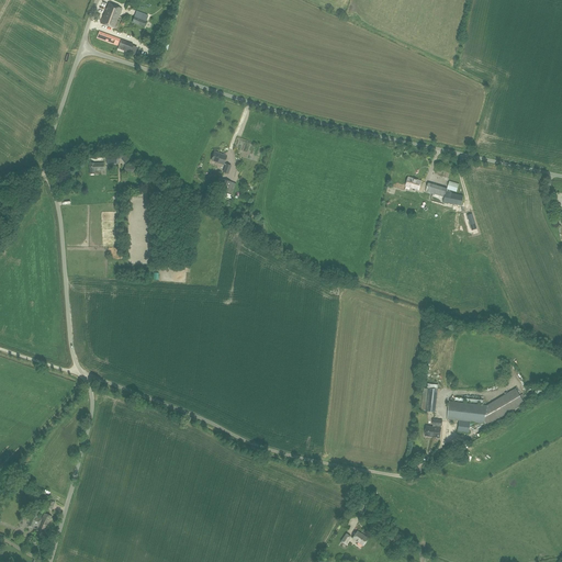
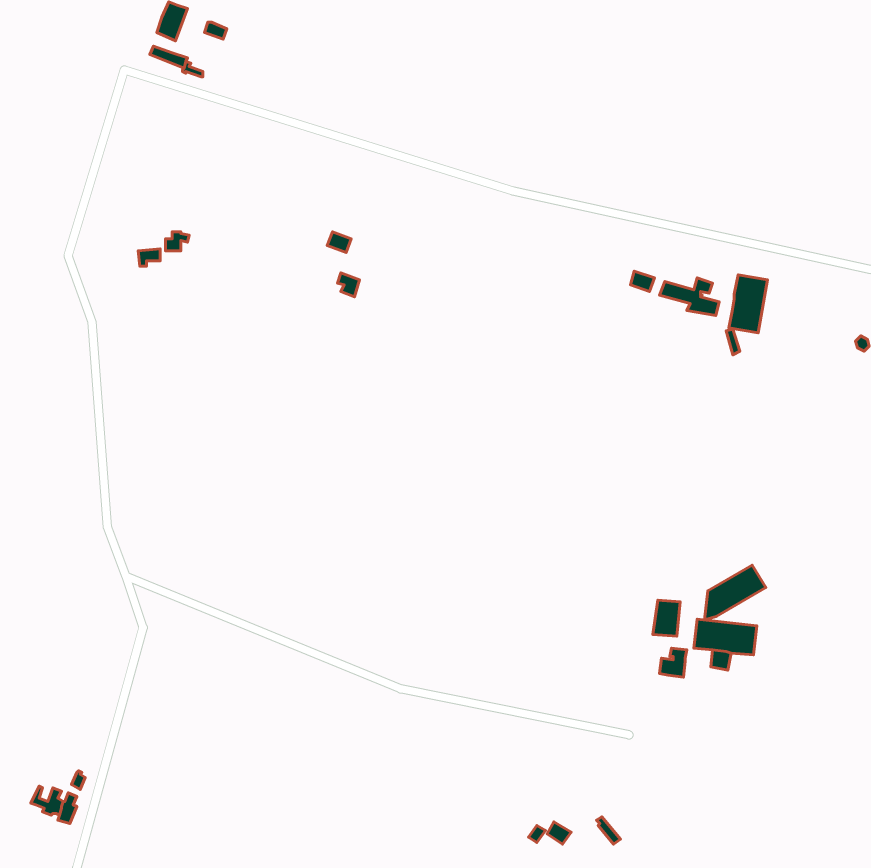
building: none -> [729,275,767,333]
building: [485,386,525,422] -> [704,565,766,620]

